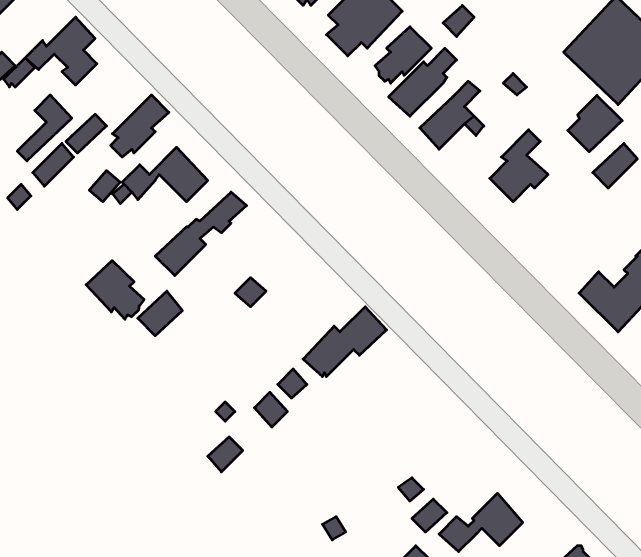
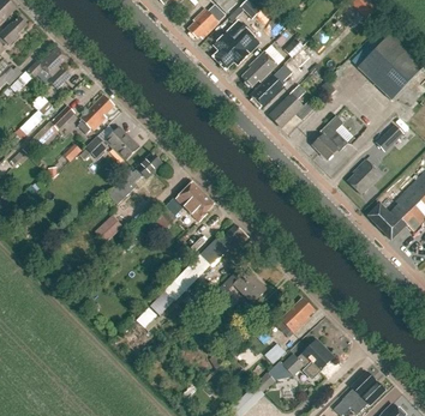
building: [568,95,622,152] -> [347,159,381,194]
building: none -> [175,182,214,223]
building: [86,261,144,319] -> none
building: none -> [210,270,268,303]
building: none -> [276,299,315,337]

